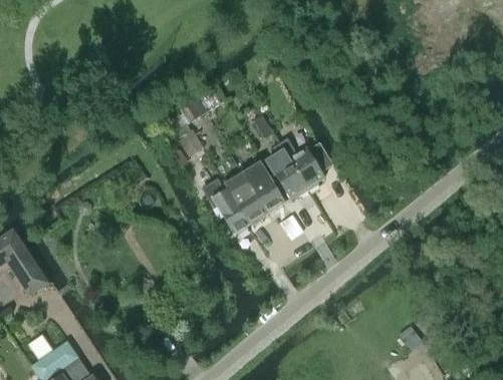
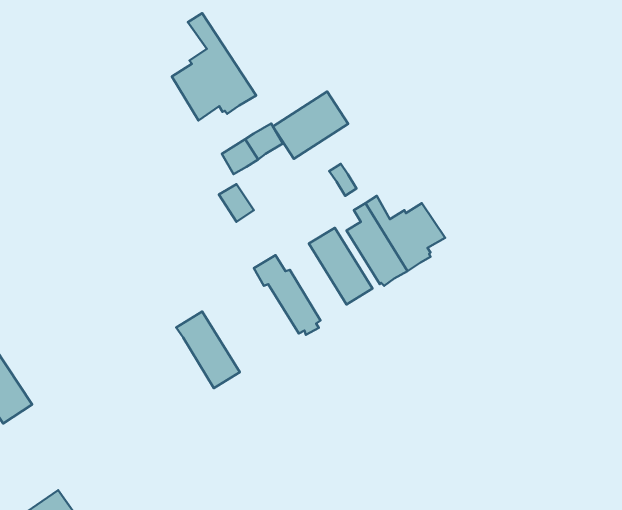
building: none -> [172,13,256,120]
building: none -> [273,92,348,159]
building: [222,170,266,224] -> [176,311,240,388]

